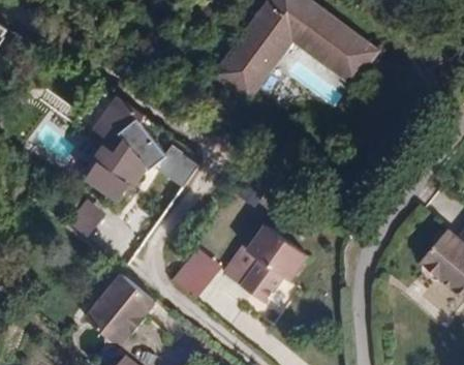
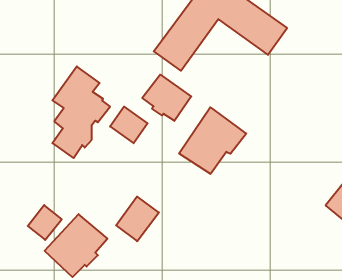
building: none -> [142,75,191,121]
building: [65,197,105,239] -> [28,205,62,240]
building: [223,215,303,294] -> [179,107,246,174]

